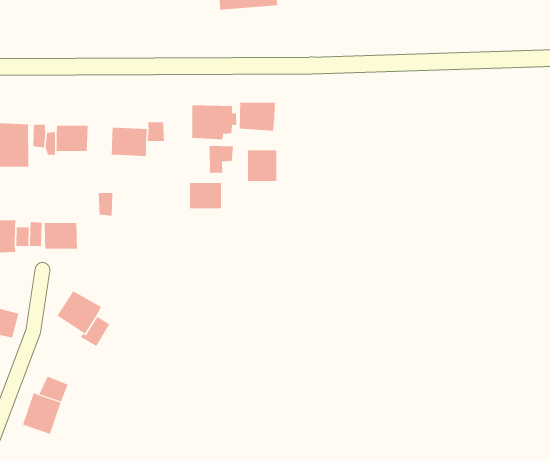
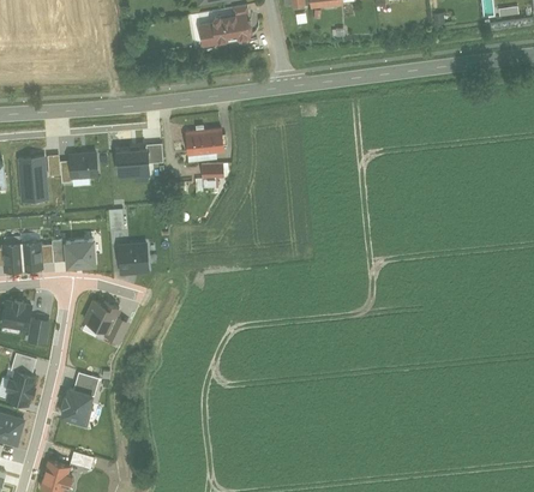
building: [239,102,275,132] -> none
building: [248,150,277,182] -> none
building: [189,182,221,209] -> none
building: none -> [118,244,154,275]

